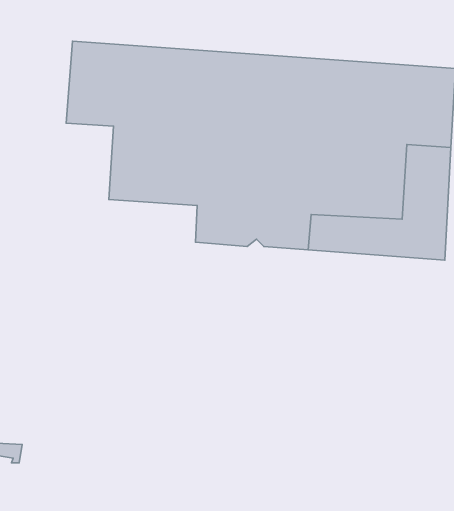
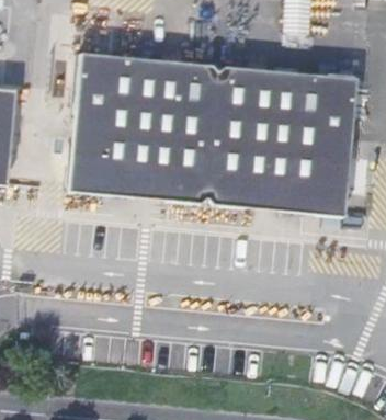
building: none -> [69,114,168,200]

